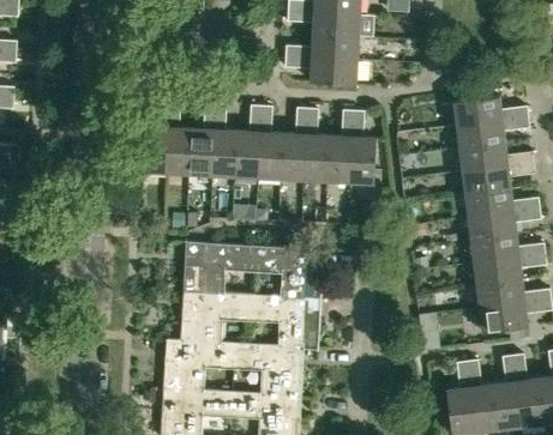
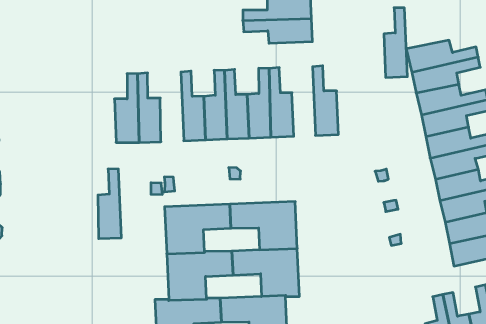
building: [187,102,215,175] -> [98,169,121,239]
building: [326,109,353,182] -> [384,8,407,77]

